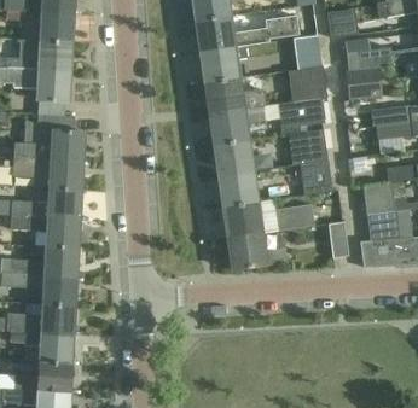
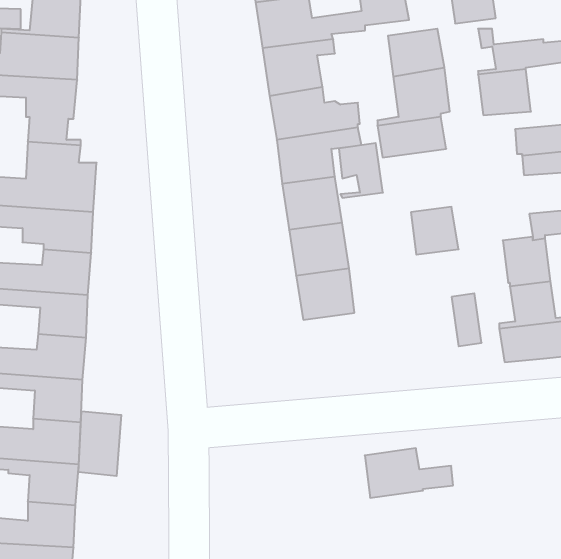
building: [297,128,327,165] -> [339,143,383,198]
building: [274,203,314,229] -> none
building: [226,234,286,268] -> [365,448,453,498]
building: none -> [79,411,121,476]

